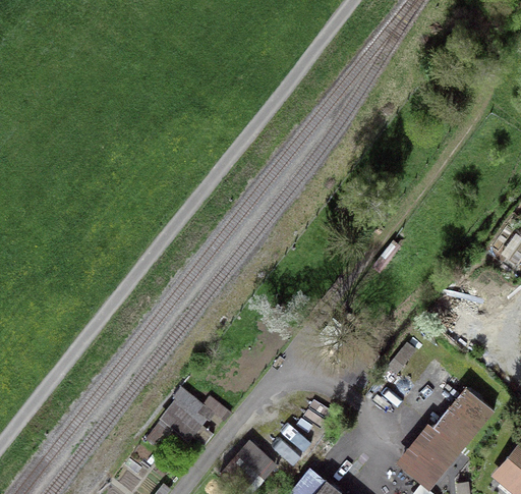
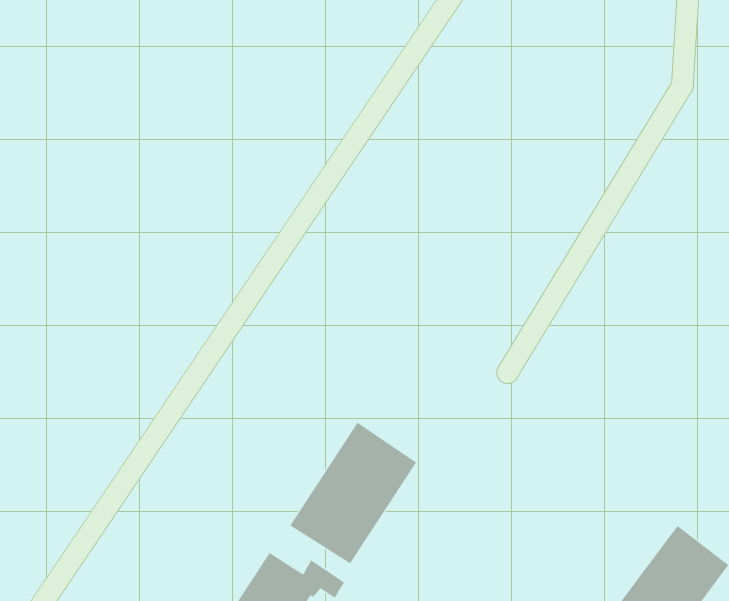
building: none -> [290,422,417,564]

